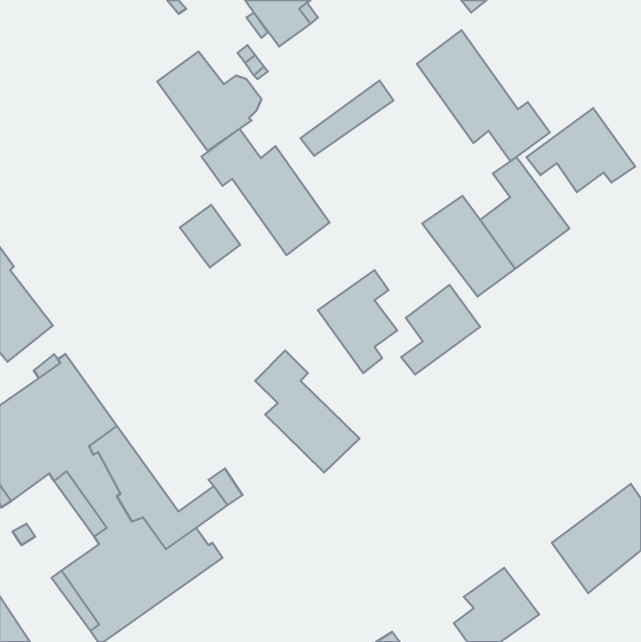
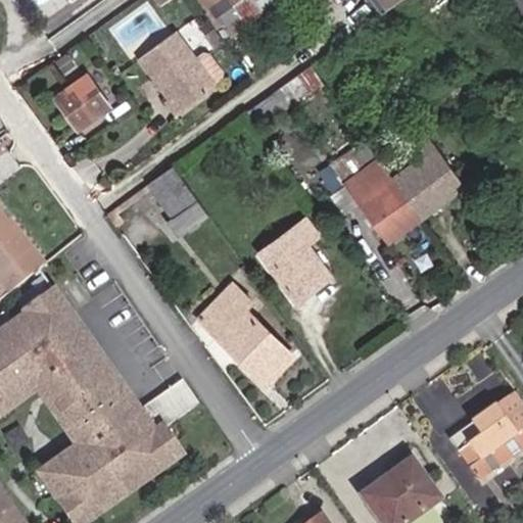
building: [417,30,550,161] -> none
building: none -> [55,76,107,129]
building: [527,108,635,192] -> none
building: [201,129,330,255] -> none
building: [401,285,480,375] -> none

